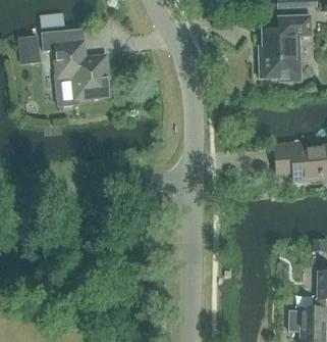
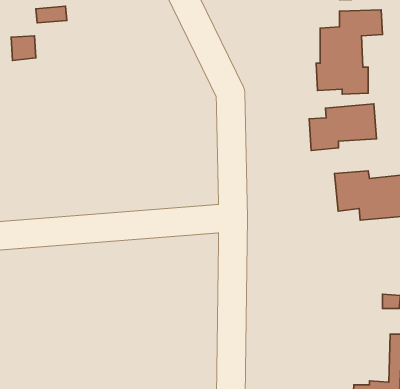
building: [42,30,110,104] -> none
building: none -> [309,104,377,151]

